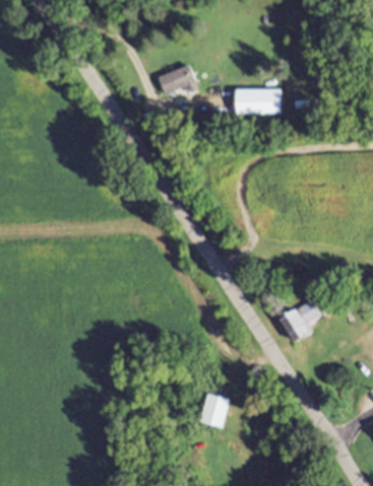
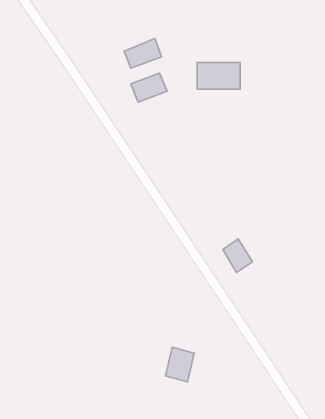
building: none -> [131,73,167,102]
building: [284,305,315,341] -> [223,239,253,272]

